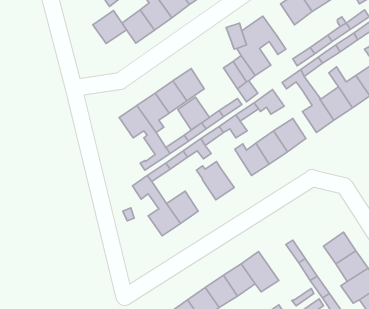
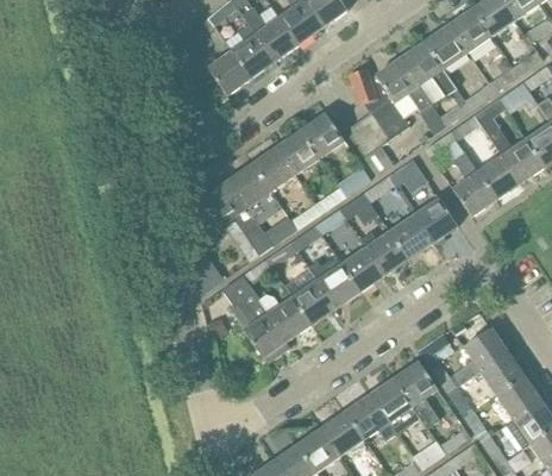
building: none -> [399,42,454,96]
building: [93,10,127,43] -> none
building: [178,97,209,130] -> [301,113,344,157]
building: none -> [340,248,383,292]
building: none -> [293,281,334,324]
building: none -> [453,327,508,383]
building: none -> [393,361,439,428]

